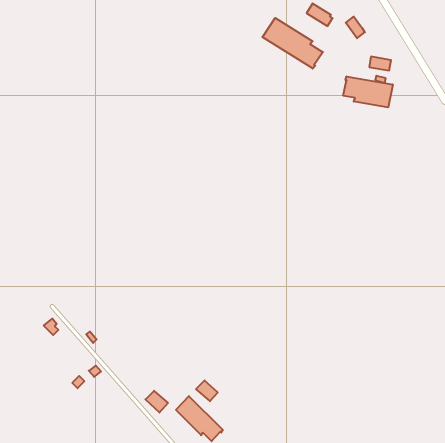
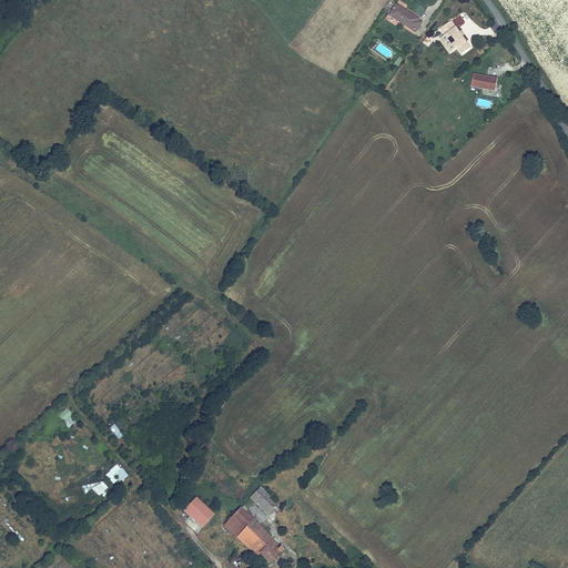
building: [262,18,323,69] -> none
building: [343,76,393,107] -> none

